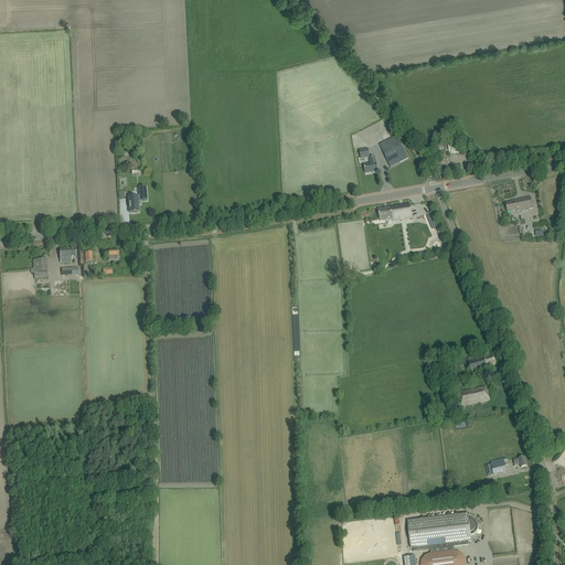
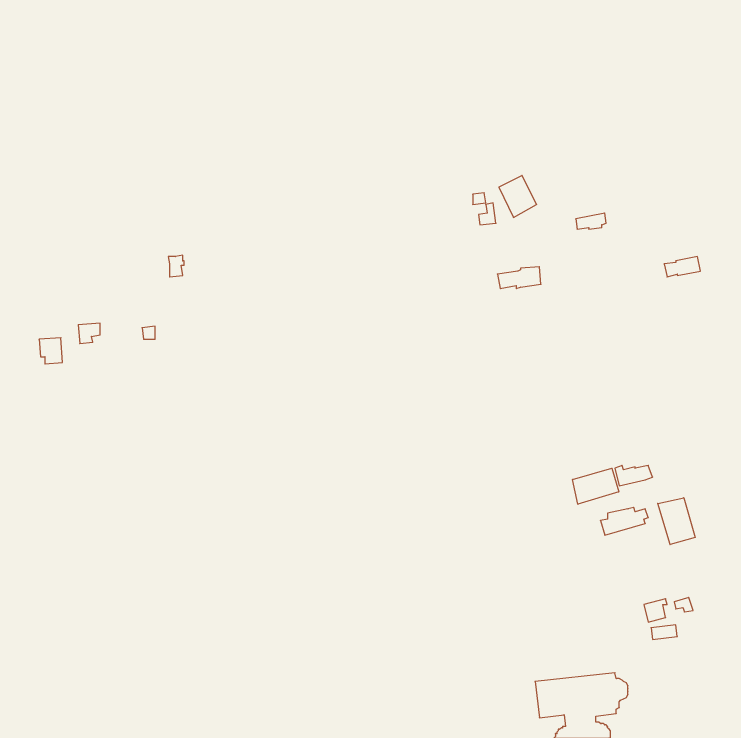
building: none -> [573,468,619,504]
building: none -> [658,498,695,545]

